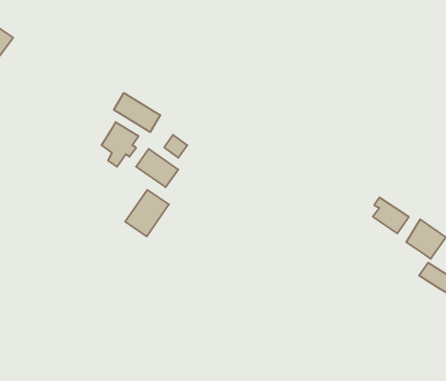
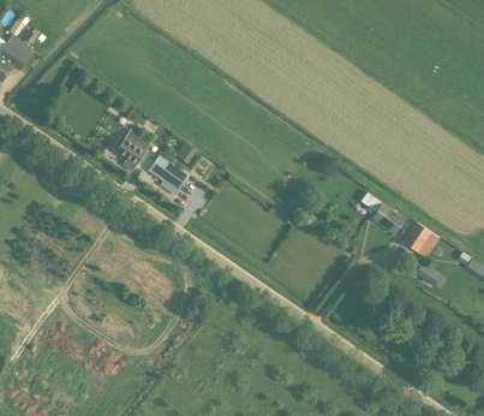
building: [114,93,160,132] -> none
building: [125,190,169,236] -> none

